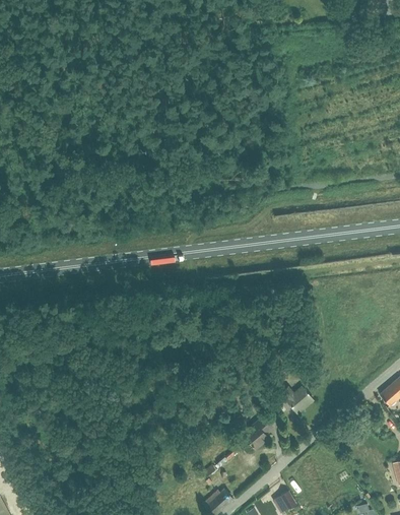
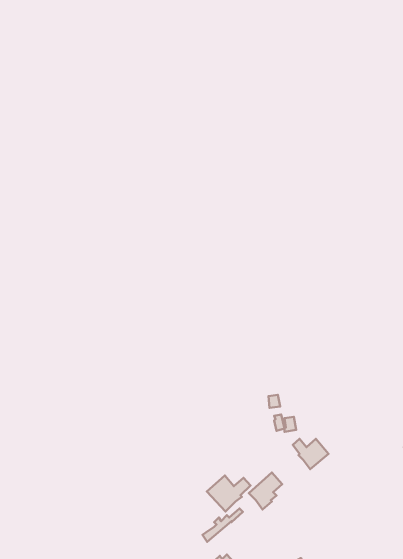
building: none -> [207,476,251,511]

